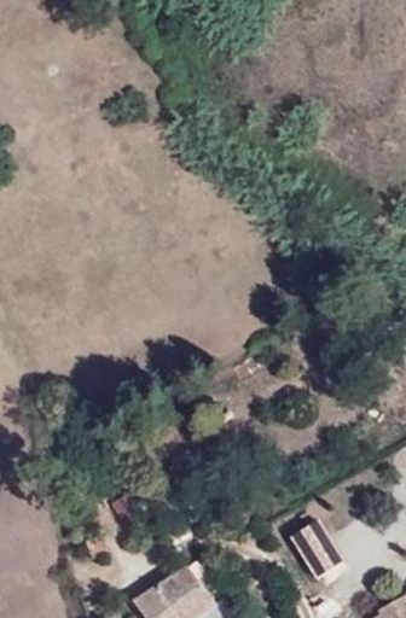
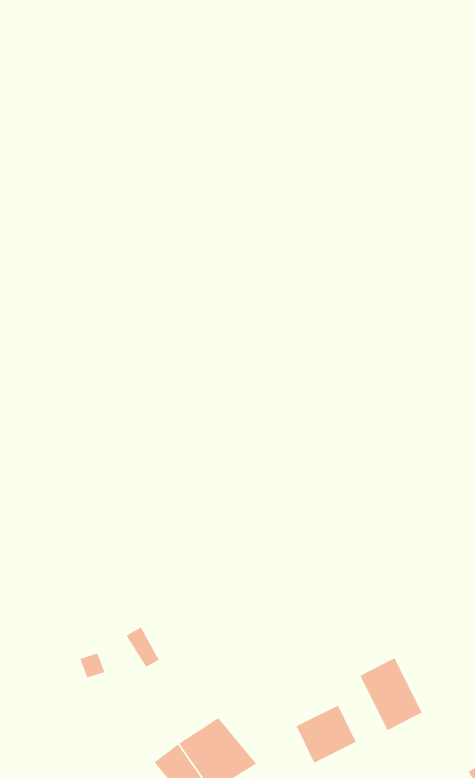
building: none -> [296,705,357,764]

